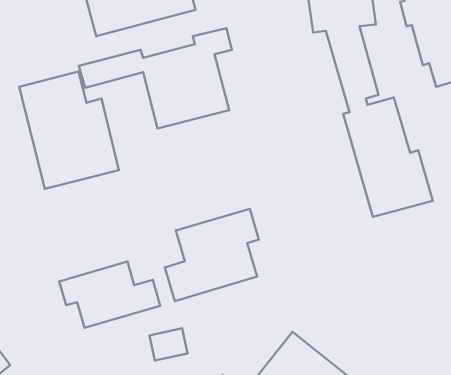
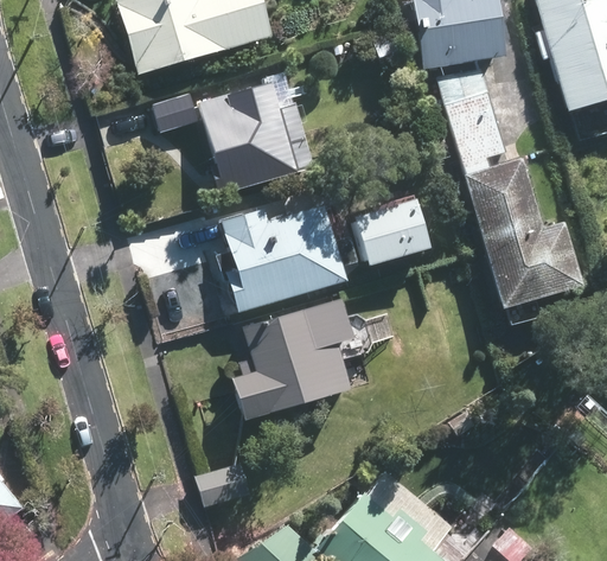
building: [19,71,119,189] -> none
building: none -> [219,199,428,313]
building: [59,261,160,328] -> none

